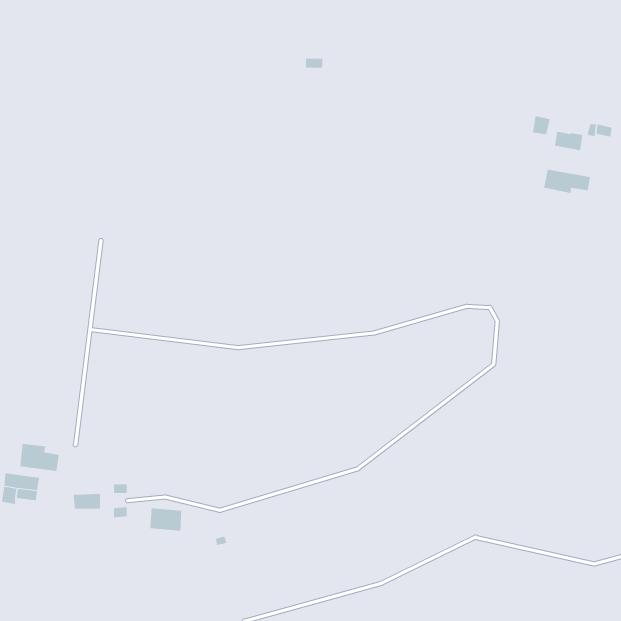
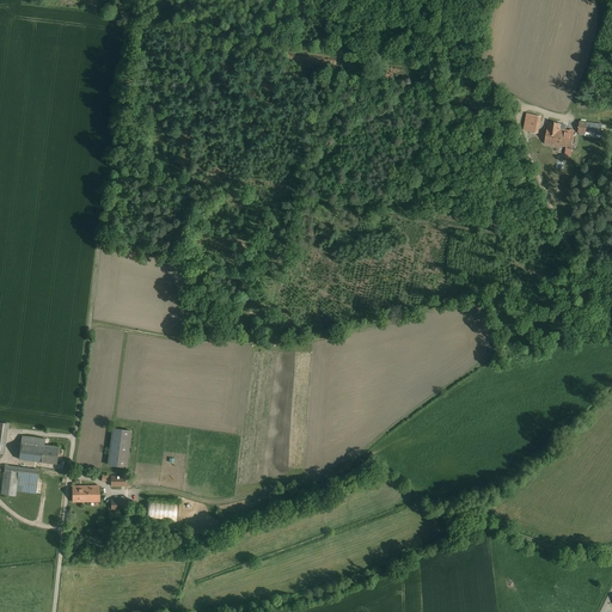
building: [543,169,591,194] -> none
building: none -> [108,429,131,466]

